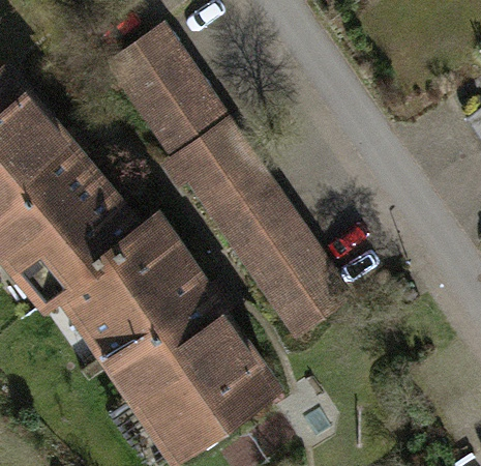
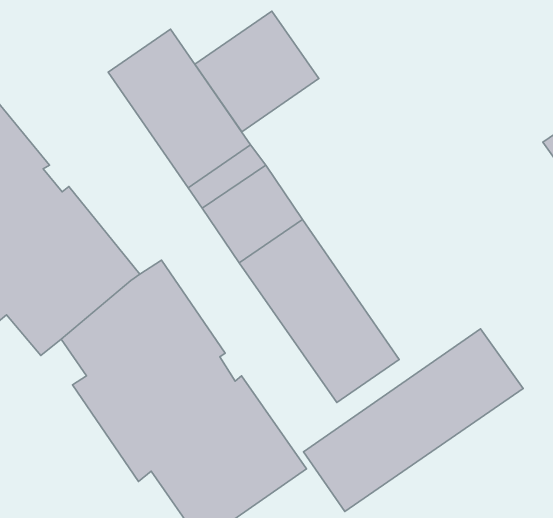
building: none -> [195,11,319,132]
building: none -> [304,329,523,511]

